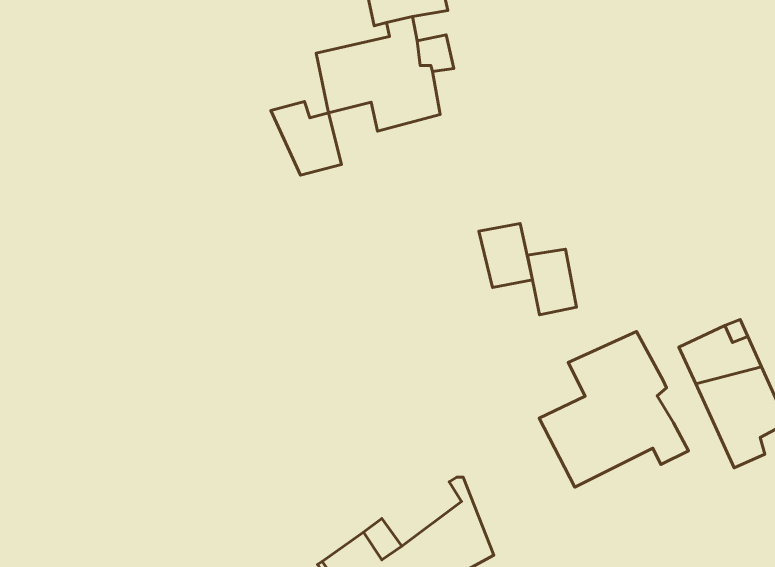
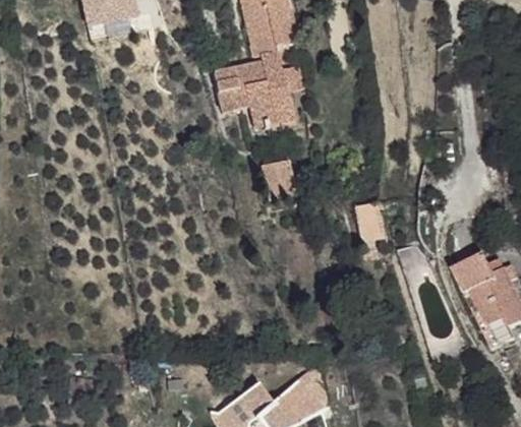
building: [271,101,341,175] -> none
building: [479,223,532,288] -> [262,156,297,198]
building: [539,332,689,487] -> none

